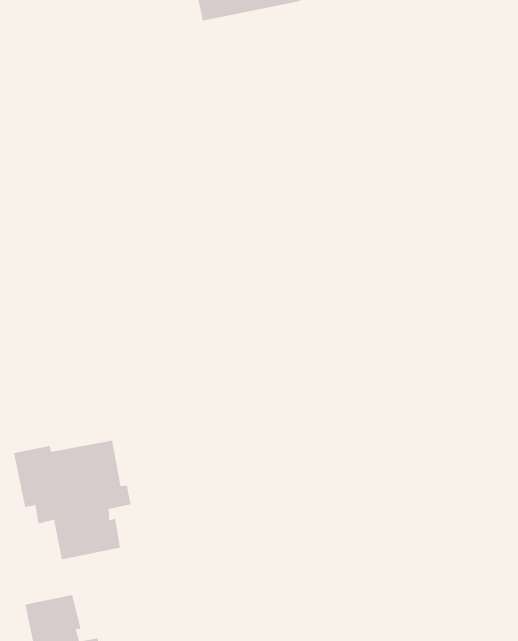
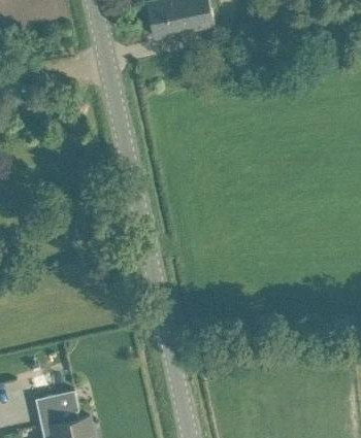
building: [14,440,131,560] -> none

